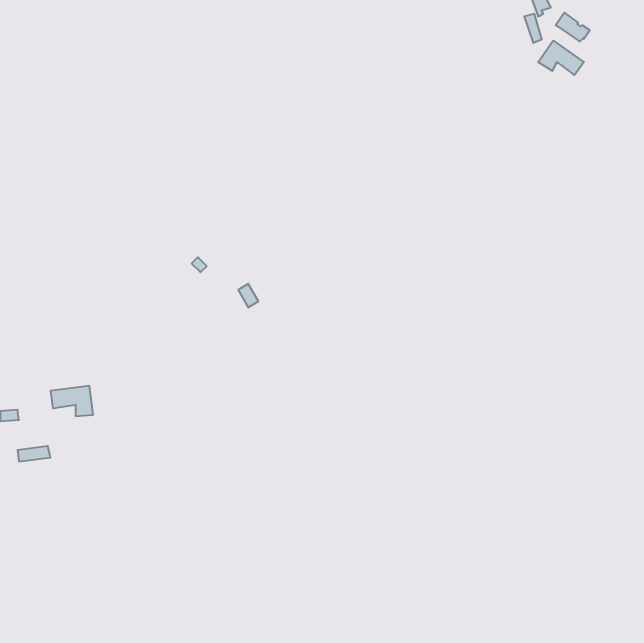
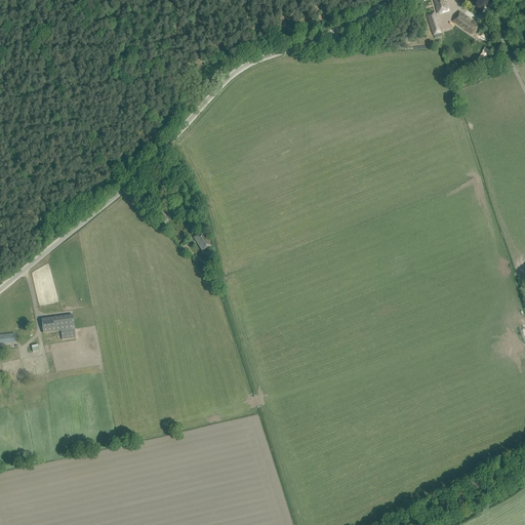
building: [538,41,584,75] -> none

